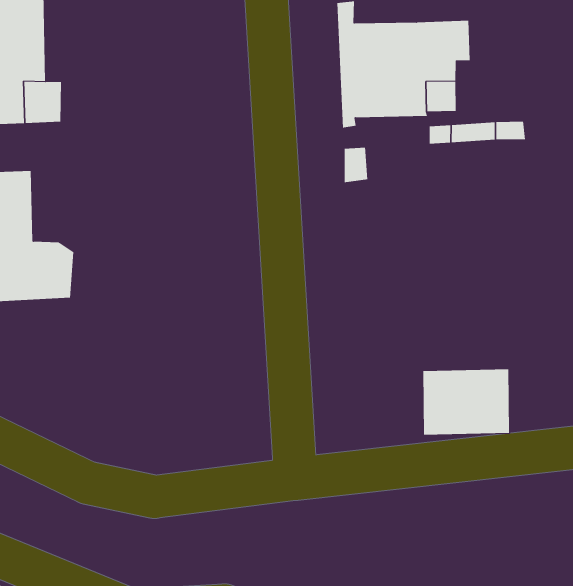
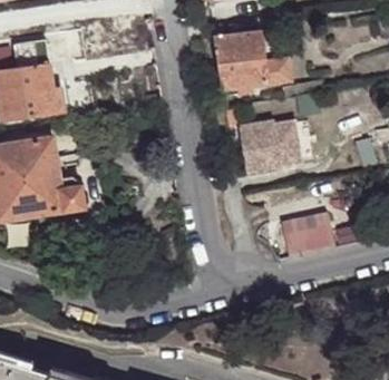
building: none -> [236,121,309,175]

